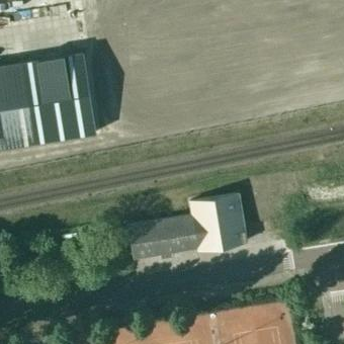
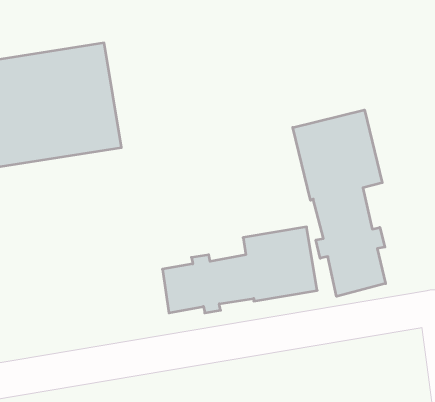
building: none -> [293,110,386,296]

